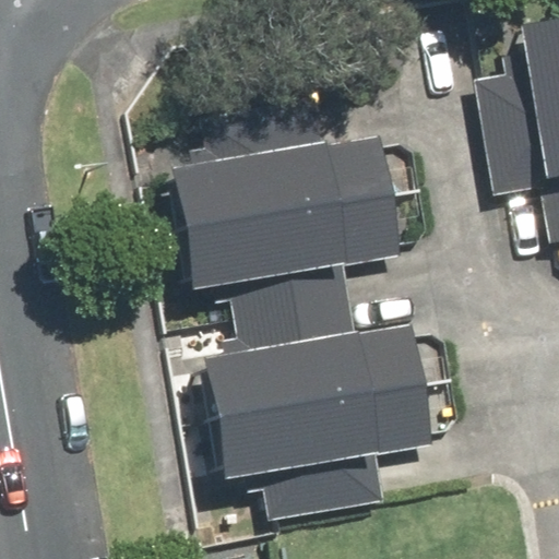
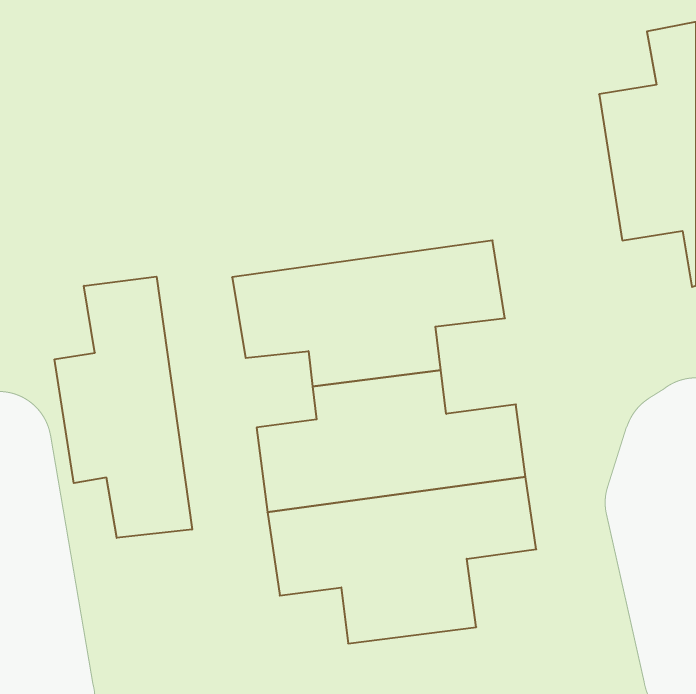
building: [176,103,394,225] -> none
building: none -> [55,277,192,538]

